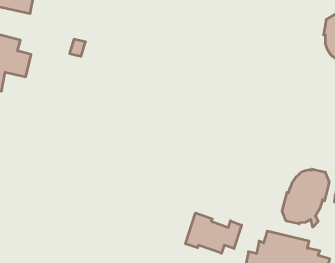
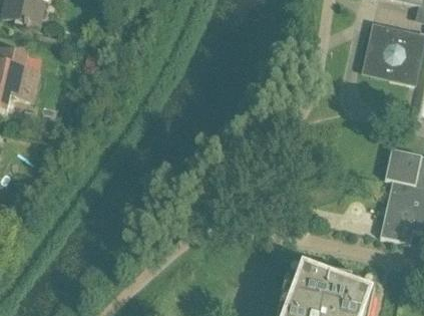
building: [282,169,329,227] -> none
building: [186,213,242,253] -> none

